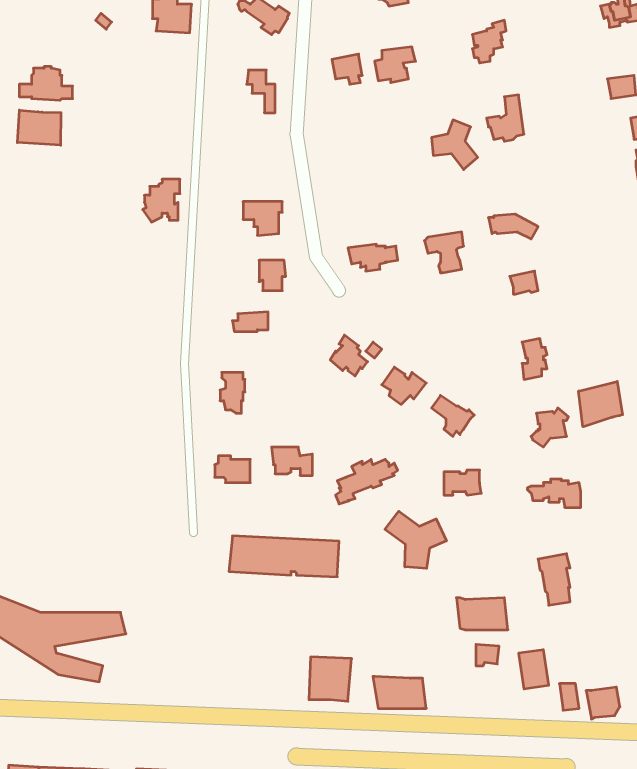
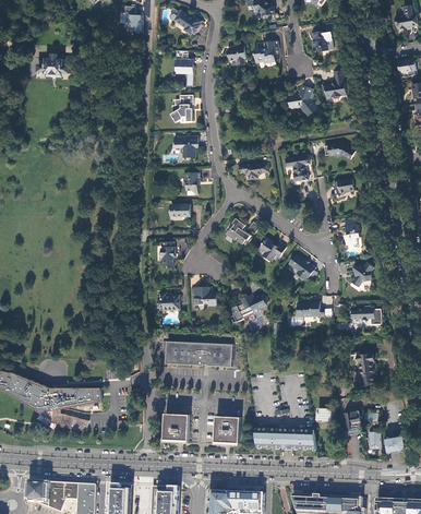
building: [17,110,61,145] -> none
building: [143,179,180,222] -> [170,95,193,121]
building: [579,381,623,427] -> none
building: [385,511,446,568] -> none
building: [456,598,508,630] -> [284,429,315,449]
building: none -> [163,414,189,441]

